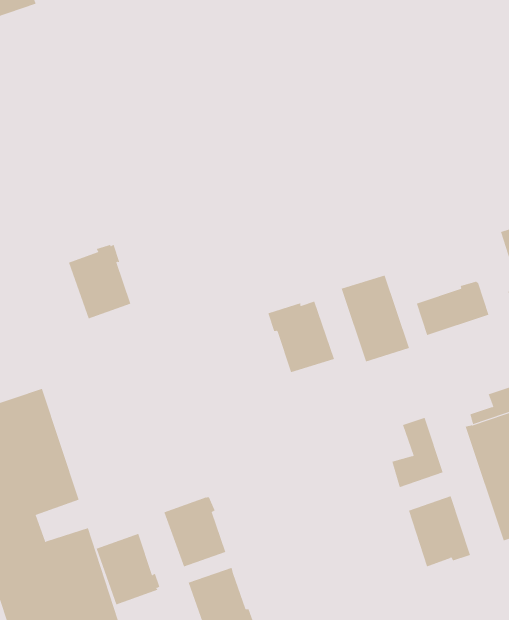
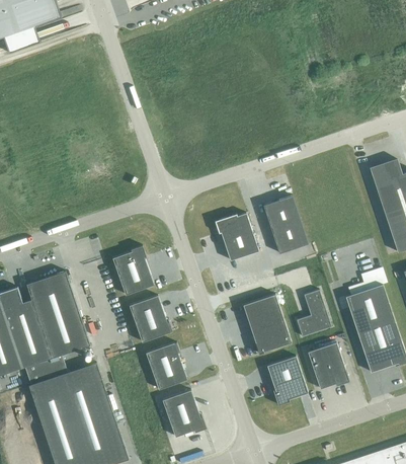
building: [68,244,131,319] -> [112,245,154,295]
building: [416,281,489,336] -> none
building: none -> [243,294,292,354]
building: none -> [267,356,308,405]
building: [96,533,160,605] -> [130,295,172,342]

